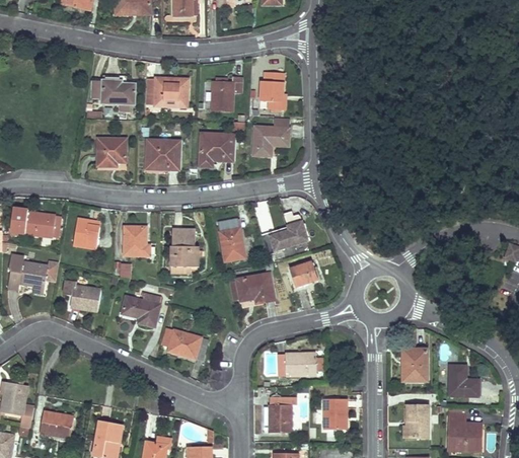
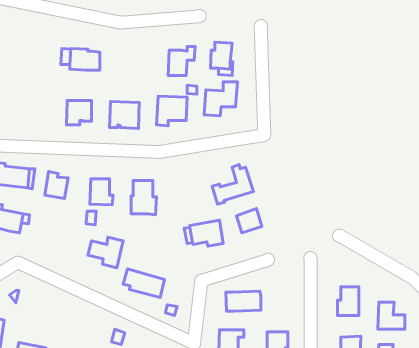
building: [145,78,188,107] -> none
building: [218,220,245,261] -> none
building: [63,280,100,311] -> none

